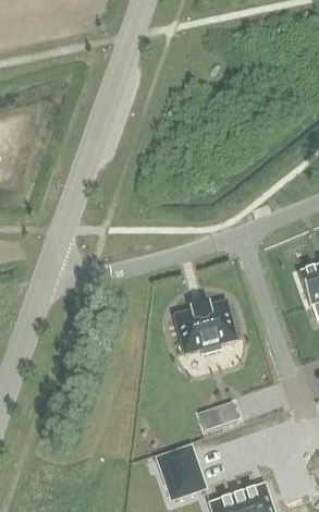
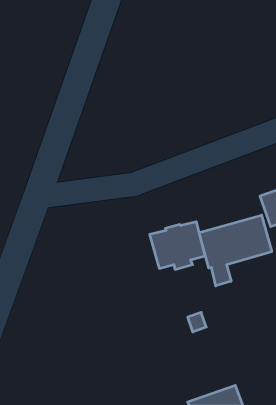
building: none -> [199,215,272,286]
building: [157,446,204,498] -> none

